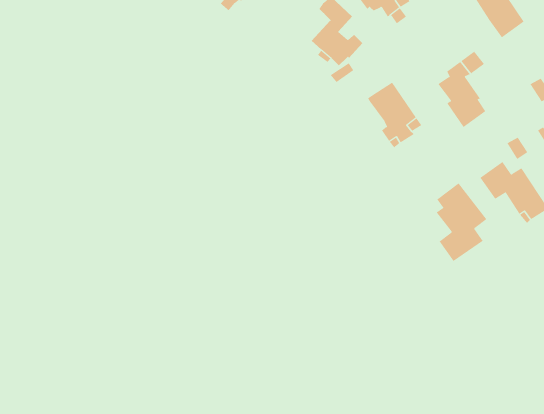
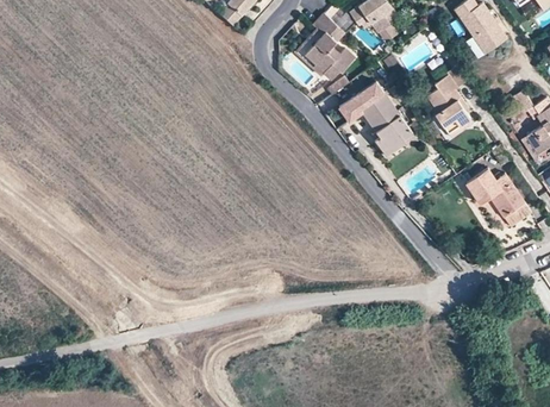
building: none -> [338,81,383,120]
building: [436,182,487,262] -> none

